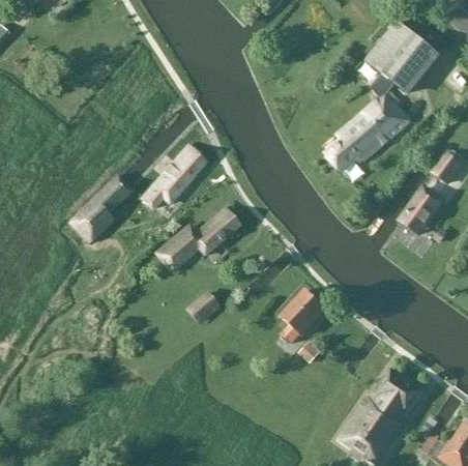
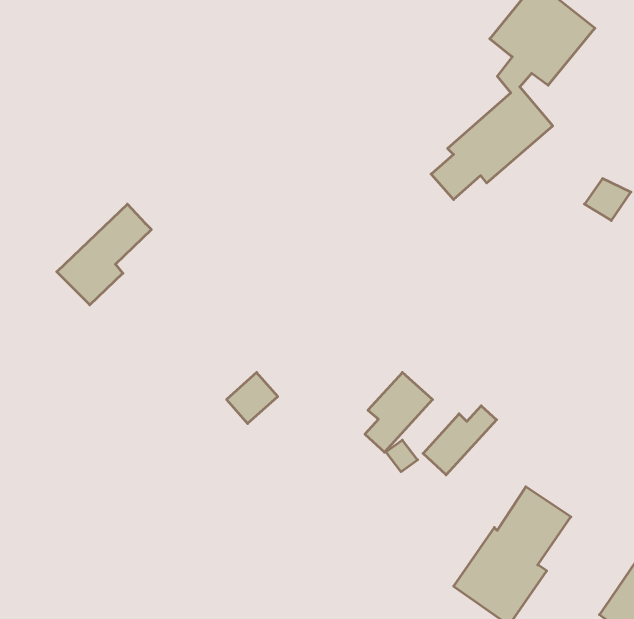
building: [142,146,206,208] -> none
building: [403,187,444,234] -> none
building: [154,207,240,272] -> none
building: none -> [423,406,497,475]

